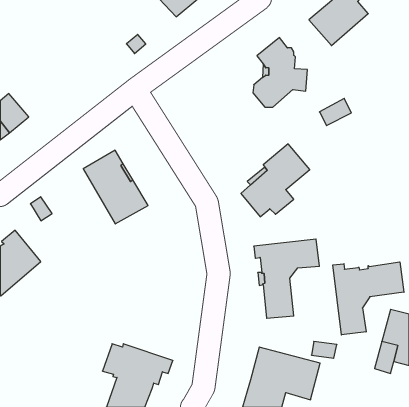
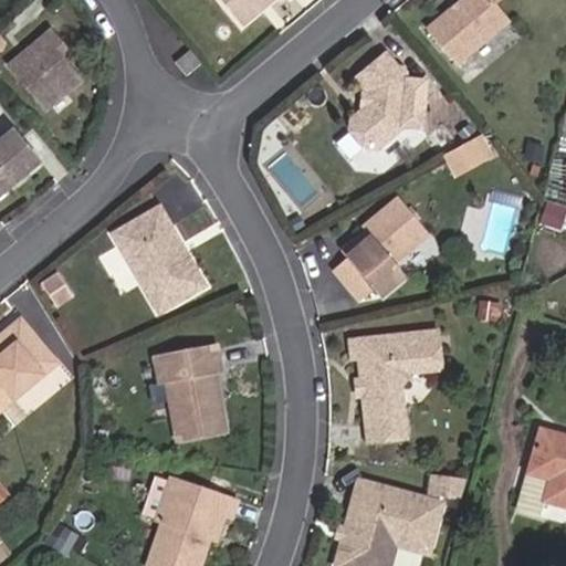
building: none -> [9,30,81,108]
building: none -> [154,345,227,439]
building: [333,262,404,335] -> none

